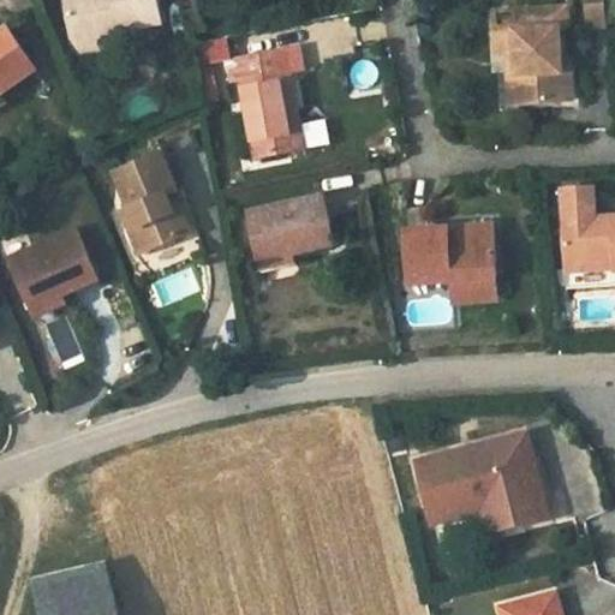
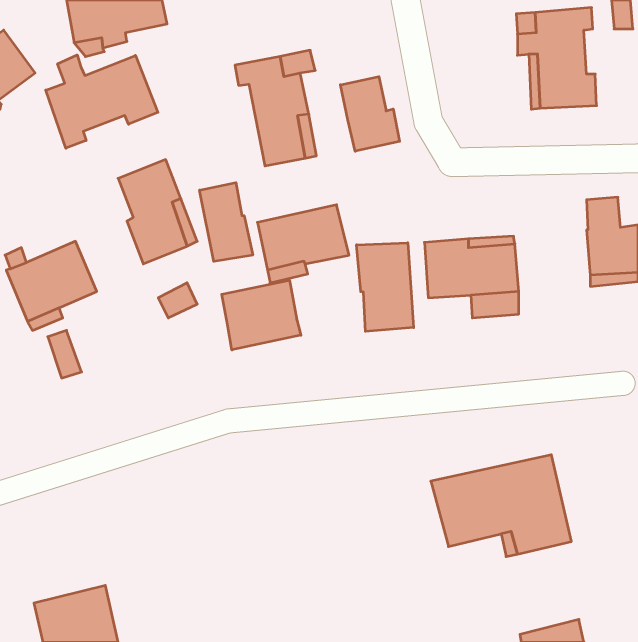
building: none -> [46,55,158,148]
building: none -> [340,77,400,151]
building: none -> [200,183,253,261]
building: none -> [357,243,414,331]
building: none -> [222,280,301,350]

